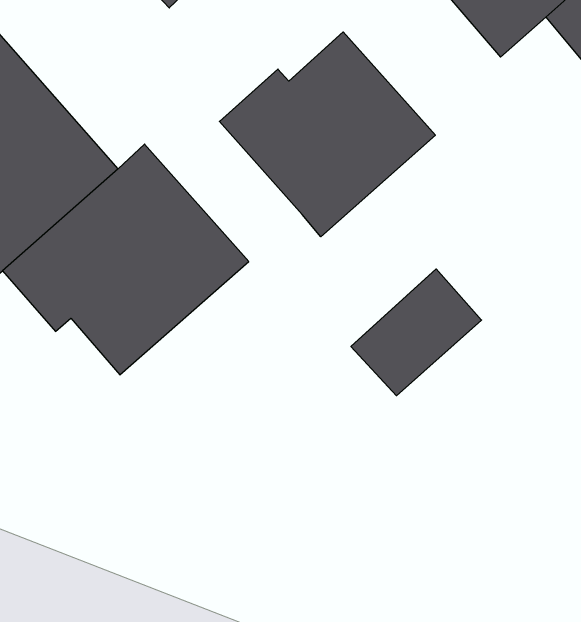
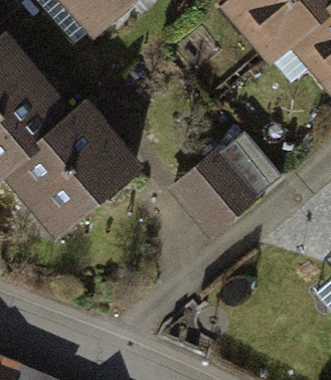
building: [219,32,435,237] -> none

